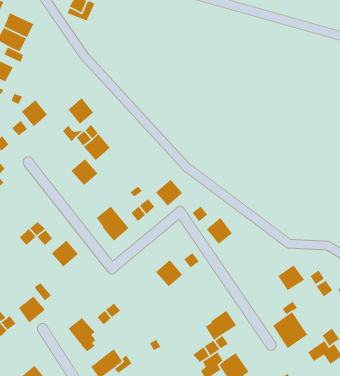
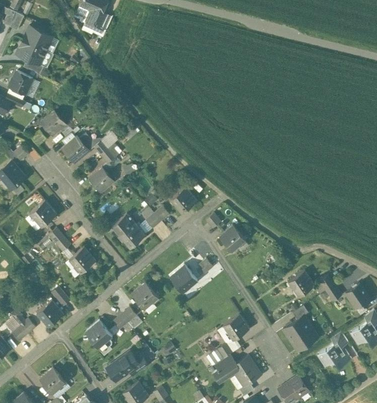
building: [67,97,94,125] -> [62,137,88,164]
building: none -> [29,200,56,227]
building: none -> [131,282,157,309]

